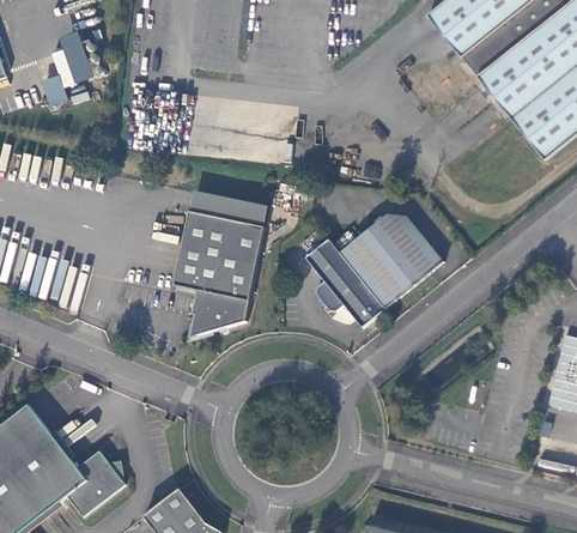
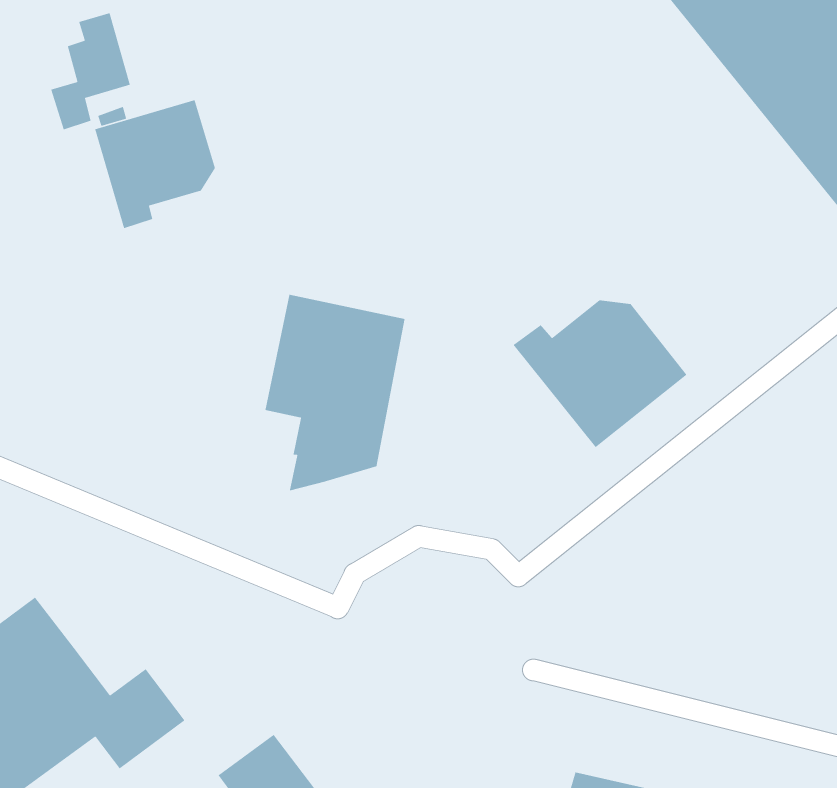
building: none -> [94,99,216,229]
building: [190,187,269,225] -> none
building: [304,238,385,327] -> none

